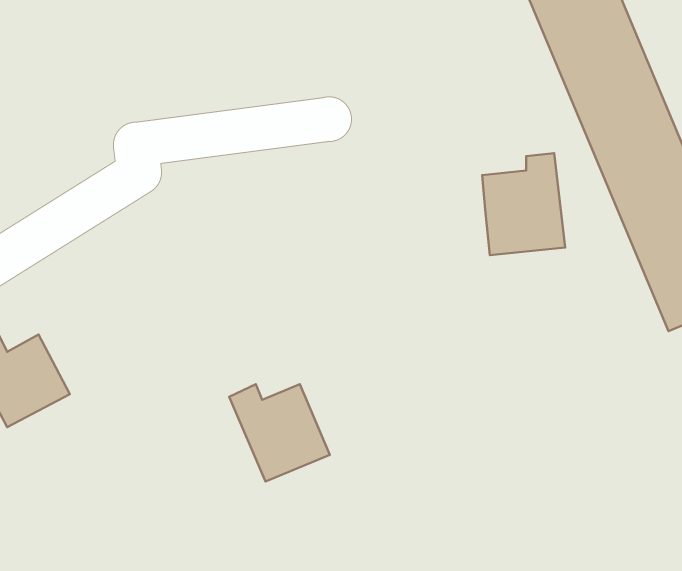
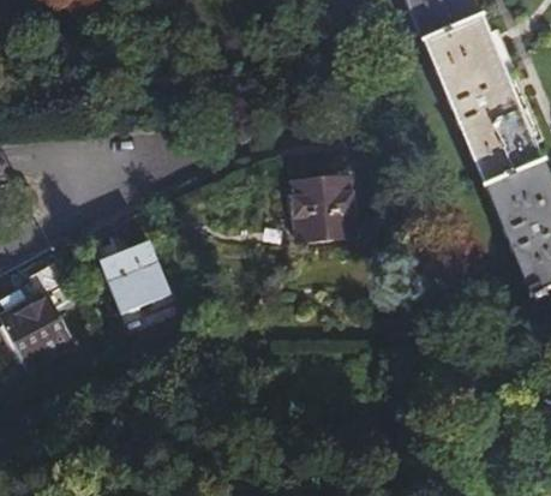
building: [482,153,565,255] -> [289,163,353,241]
building: [229,384,330,482] -> [91,241,168,316]

